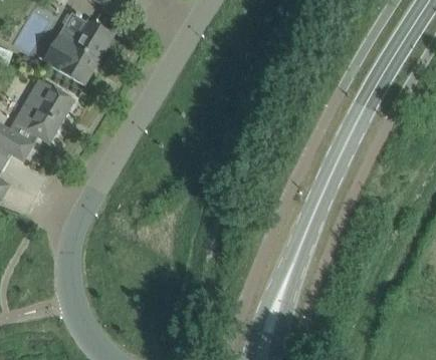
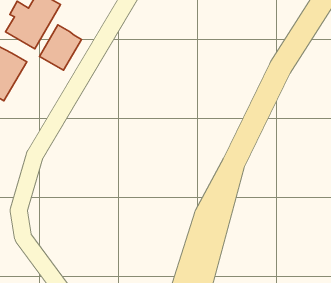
building: none -> [39,25,81,70]

